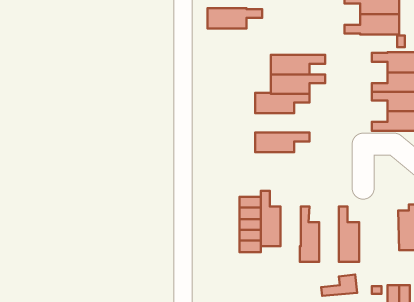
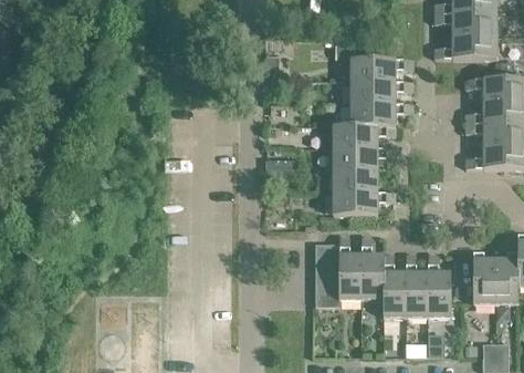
building: [208,8,262,29] -> [349,58,411,81]
building: none -> [332,147,394,169]
building: none -> [332,191,394,214]
building: none -> [360,236,384,299]
building: none -> [472,251,495,303]
building: none -> [405,253,427,317]

